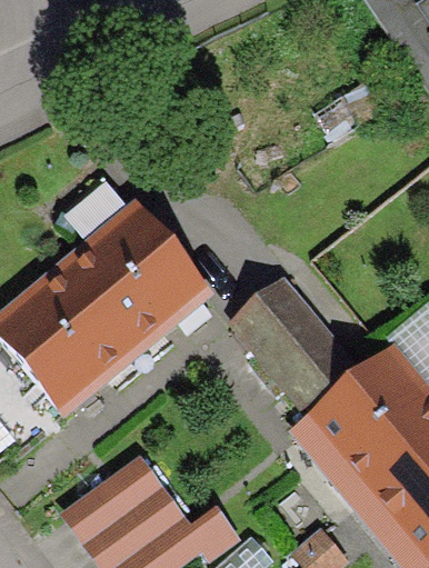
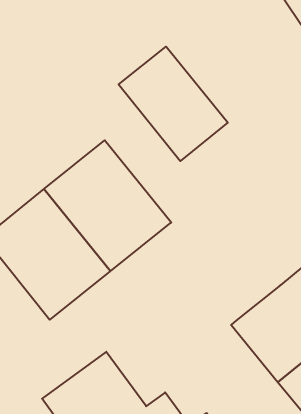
building: none -> [119,47,228,161]
building: [230,281,362,418] -> none

